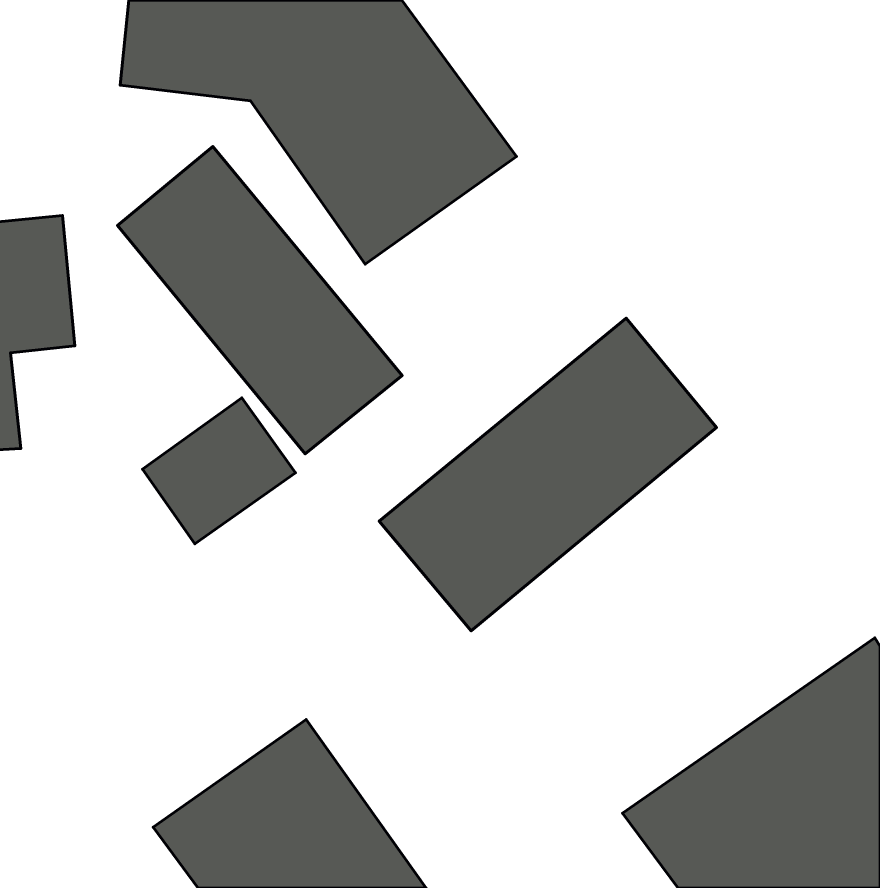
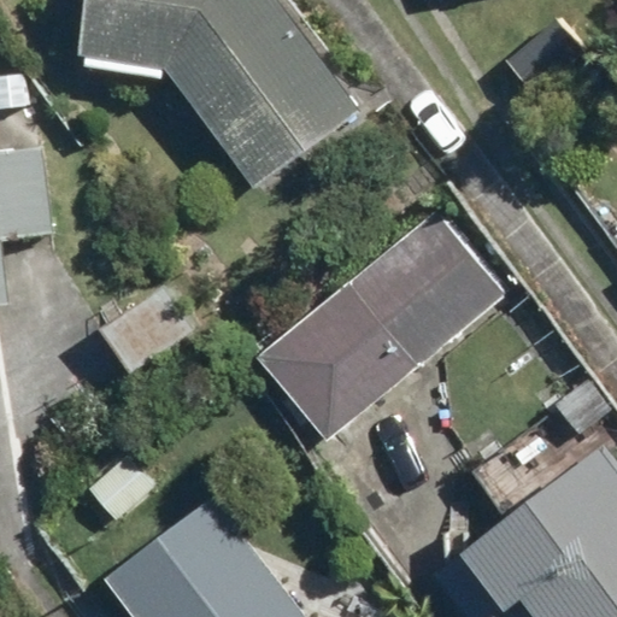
building: [117,147,402,454] -> none

